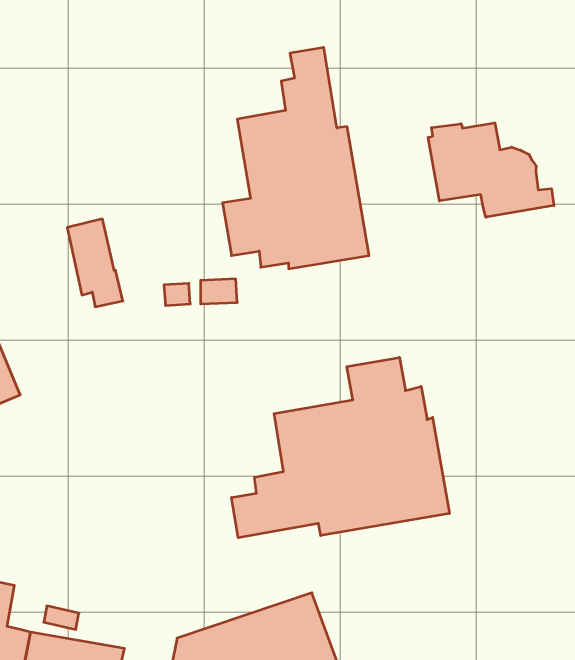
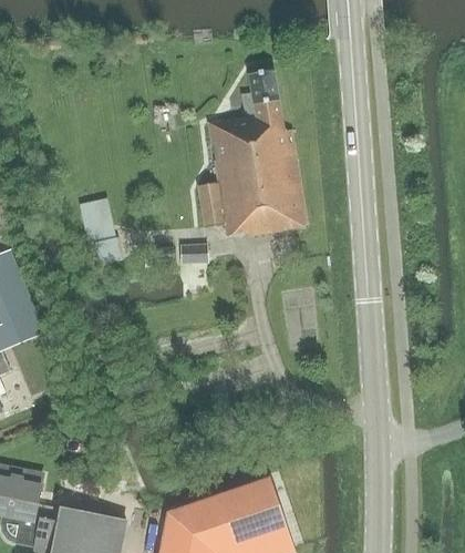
building: [428,123,554,217] -> none
building: [232,357,449,538] -> none

